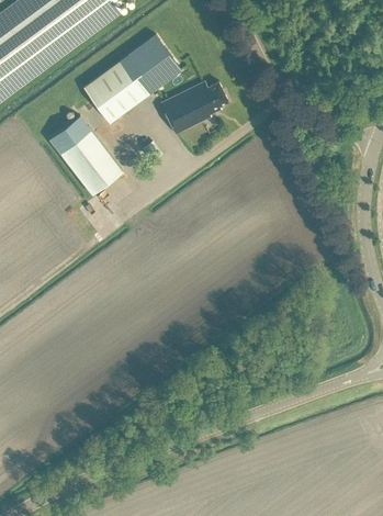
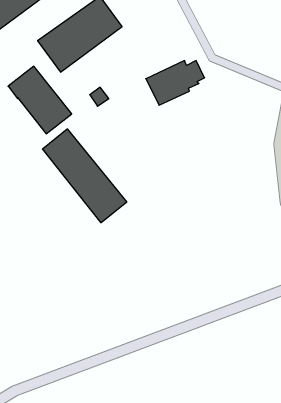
building: [159,82,227,134] -> [146,61,205,105]
building: none -> [43,129,127,223]

